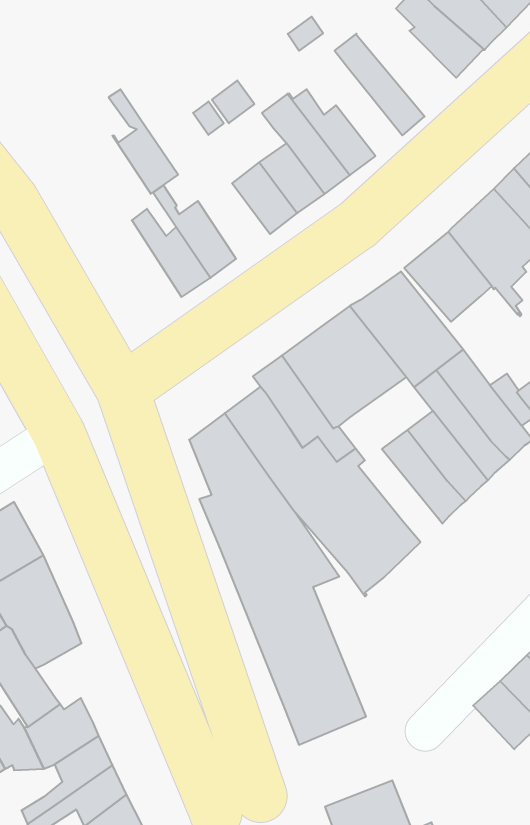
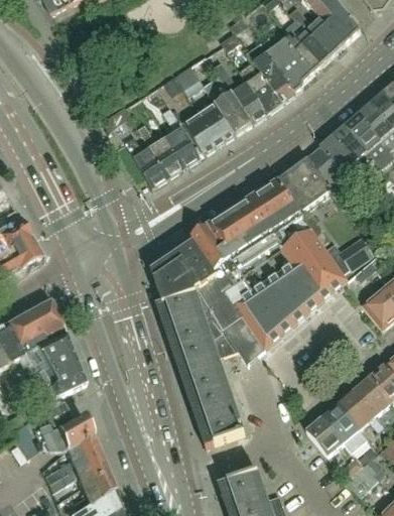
building: none -> [259,37,314,92]
building: none -> [239,61,282,113]
building: [109,89,178,194] -> [162,107,200,167]
building: none -> [247,280,293,335]

